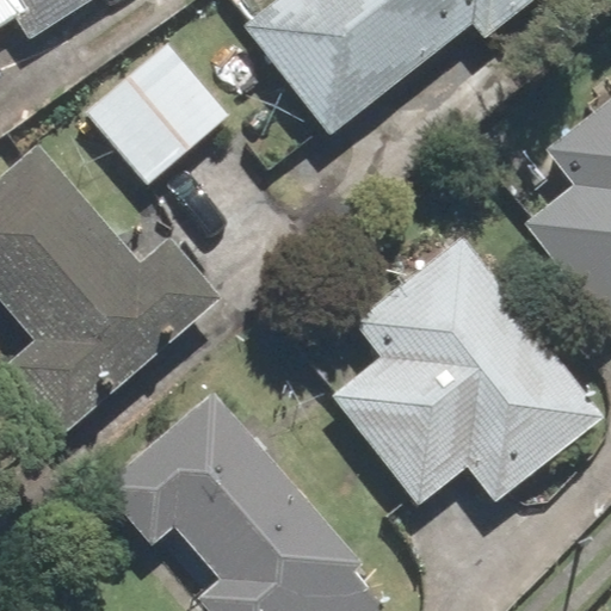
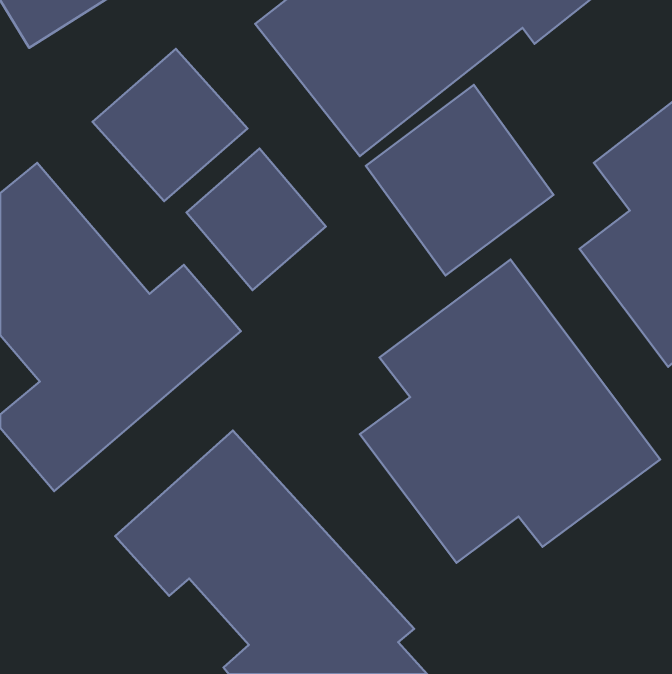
building: none -> [366,85,554,276]
building: none -> [187,149,326,290]

